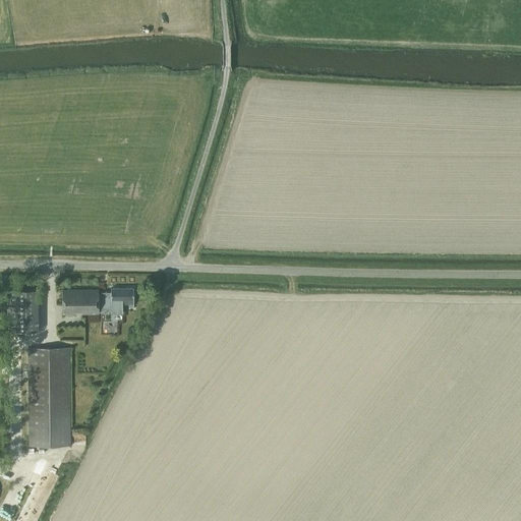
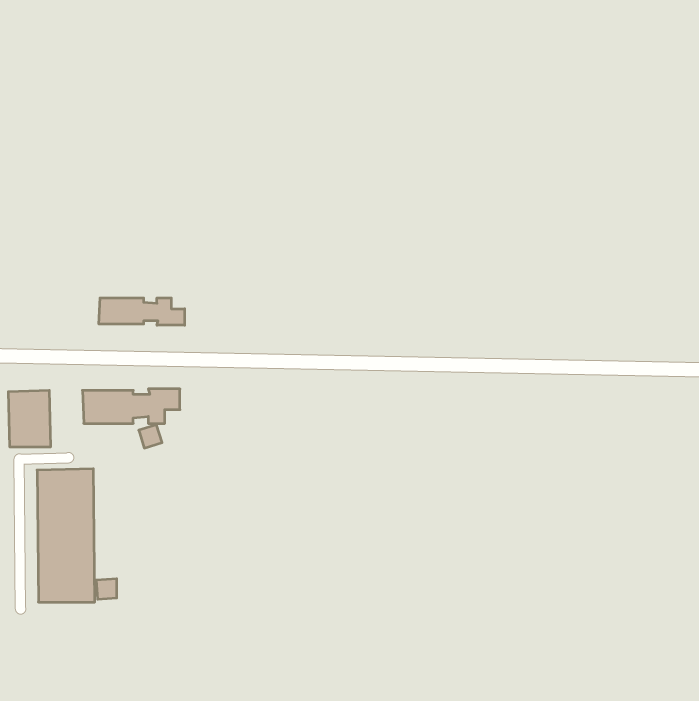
building: none -> [99,298,185,325]

